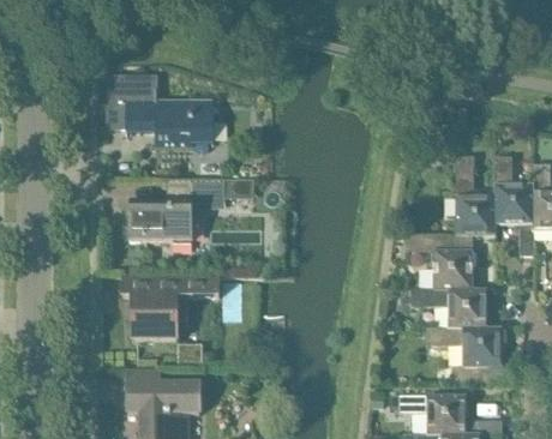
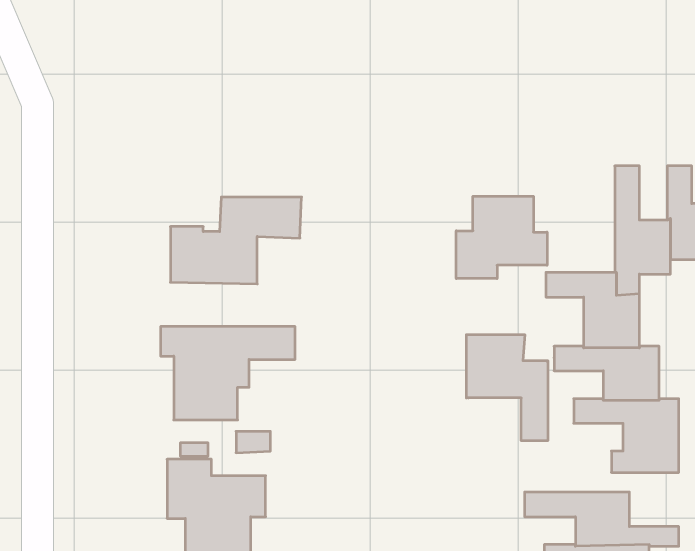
building: [107,77,214,143] -> none
building: none -> [456,196,547,279]
building: none -> [466,335,548,441]

